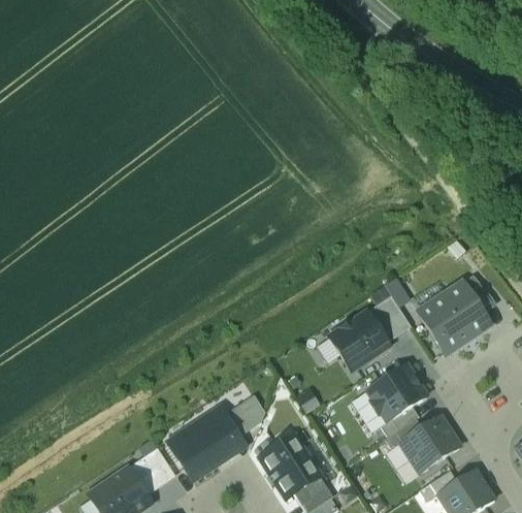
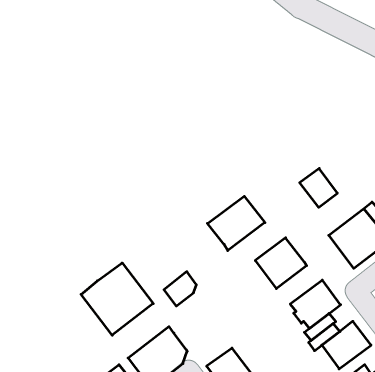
building: none -> [207,196,265,251]
building: [366,295,411,342] -> [300,168,337,207]
building: none -> [81,263,153,335]
building: [225,395,264,436] -> [164,272,196,306]

